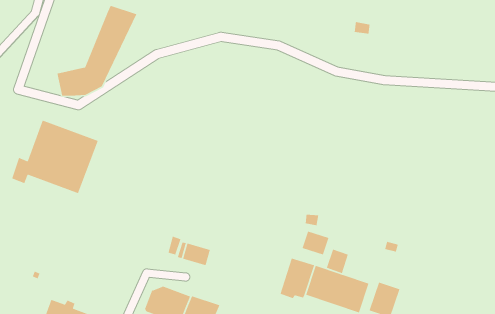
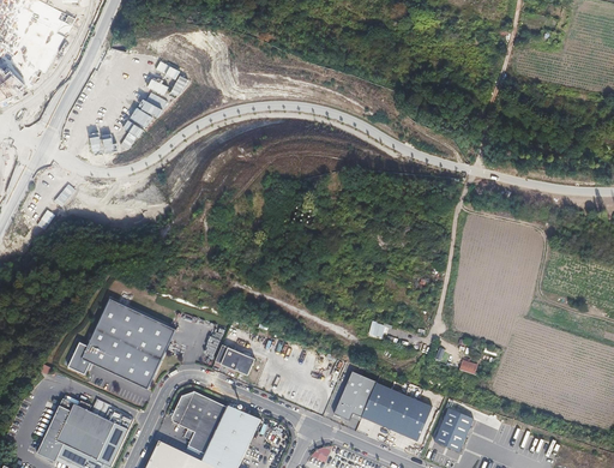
building: [11,119,99,194] -> [70,298,176,389]
building: [302,231,329,255] -> none
building: [326,248,349,274] -> none

